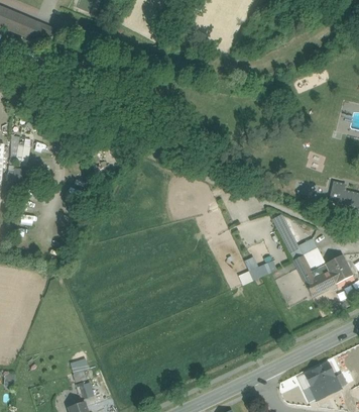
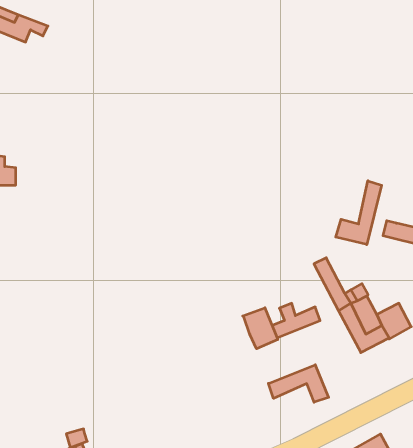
building: none -> [336,181,382,245]
building: none -> [243,308,278,349]
building: none -> [268,365,329,402]

